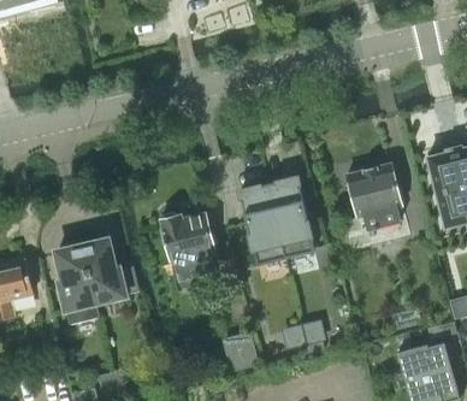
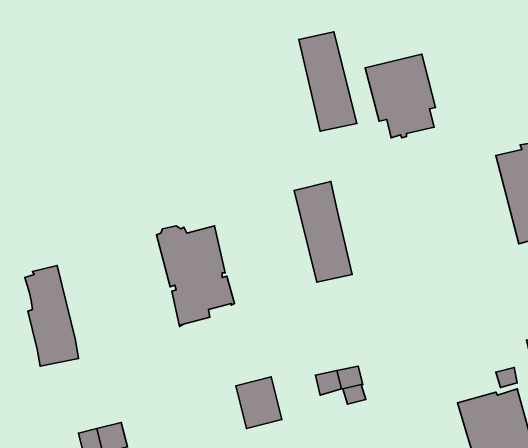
building: [345,163,401,229] -> [365,54,436,138]
building: [240,184,285,263] -> [299,32,357,131]
building: [81,240,138,302] -> none

